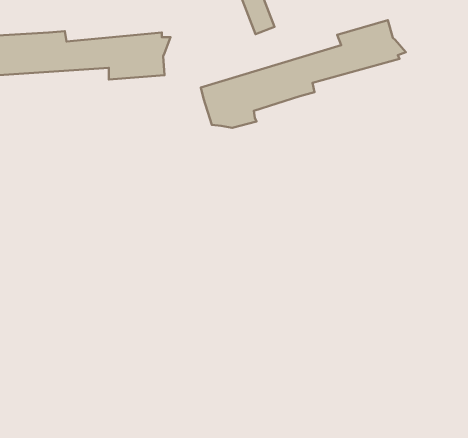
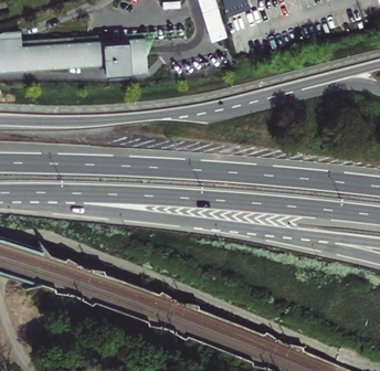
building: [201,20,406,128] -> none

